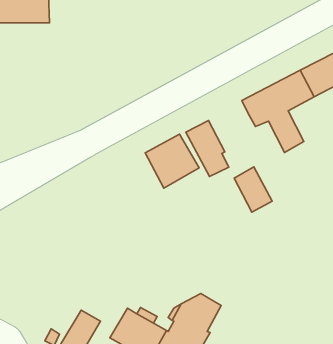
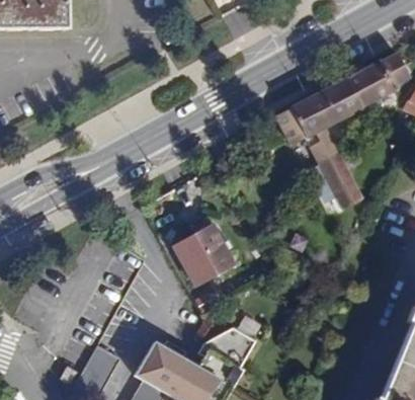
building: [186,120,229,177] -> none
building: [145,134,199,188] -> [176,226,235,285]
building: [234,167,272,212] -> [323,159,364,209]

